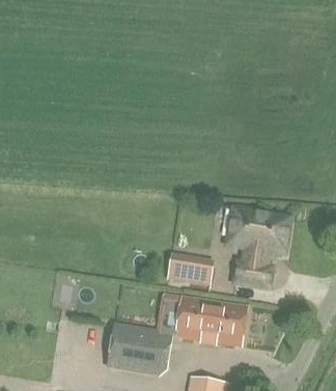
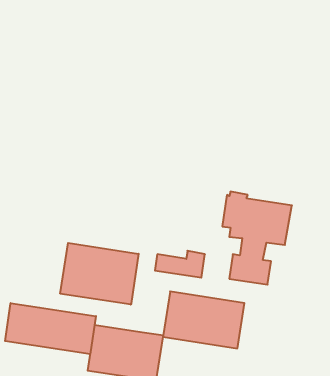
building: none -> [60,243,139,305]
building: none -> [5,303,96,354]

